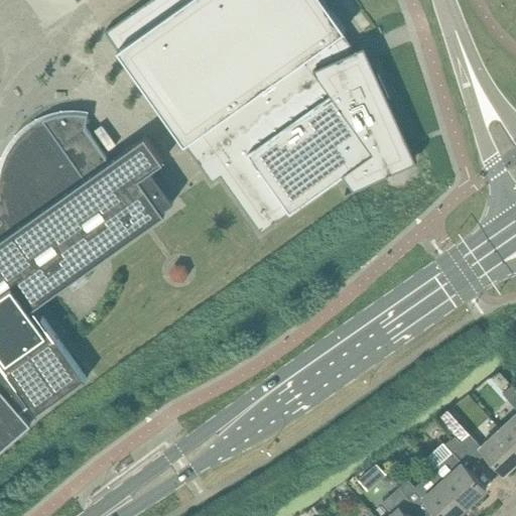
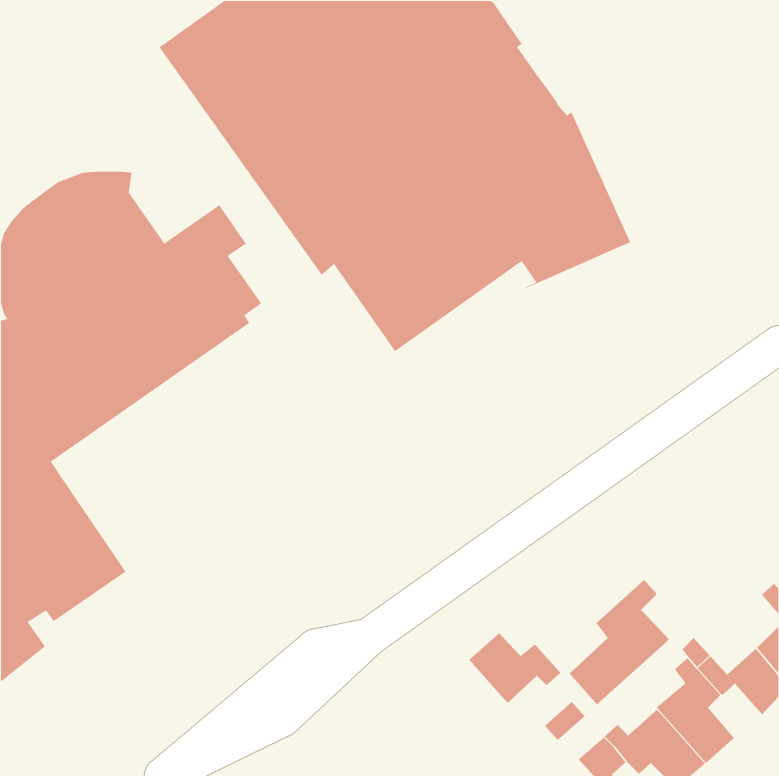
building: none -> [569,579,670,705]
building: none -> [468,633,561,704]

